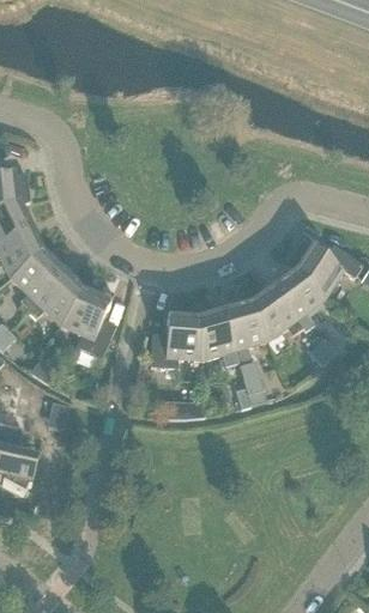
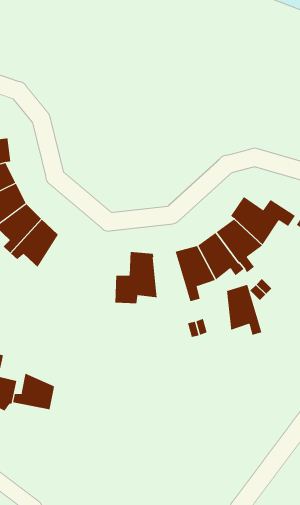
building: [60,283,115,358] -> none
building: [195,306,237,366] -> [226,284,262,336]
building: none -> [12,373,55,410]

